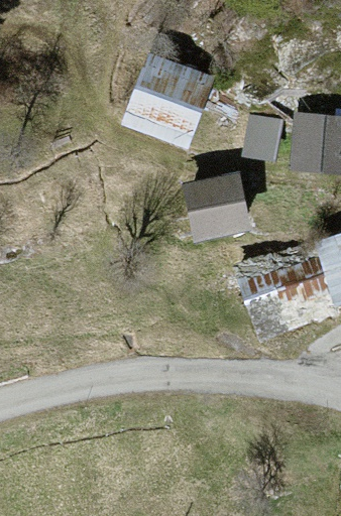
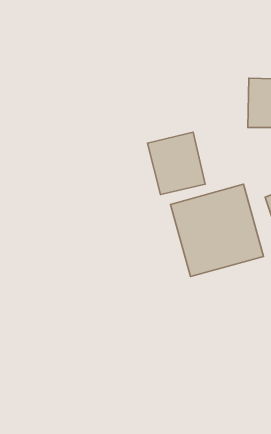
building: [135,59,221,139] -> none

